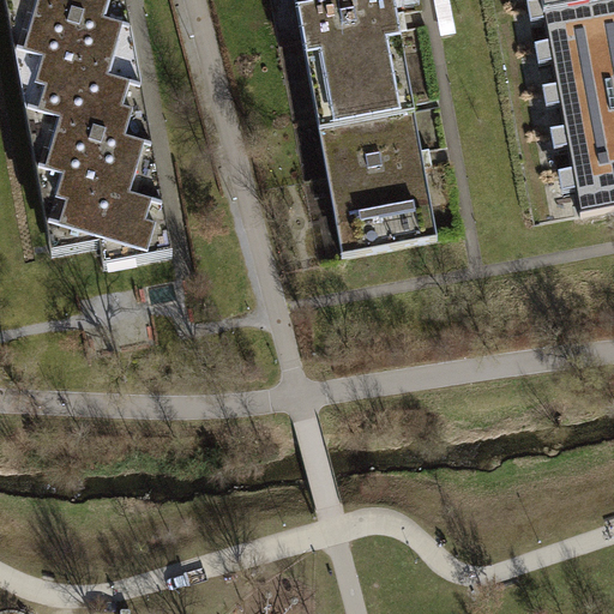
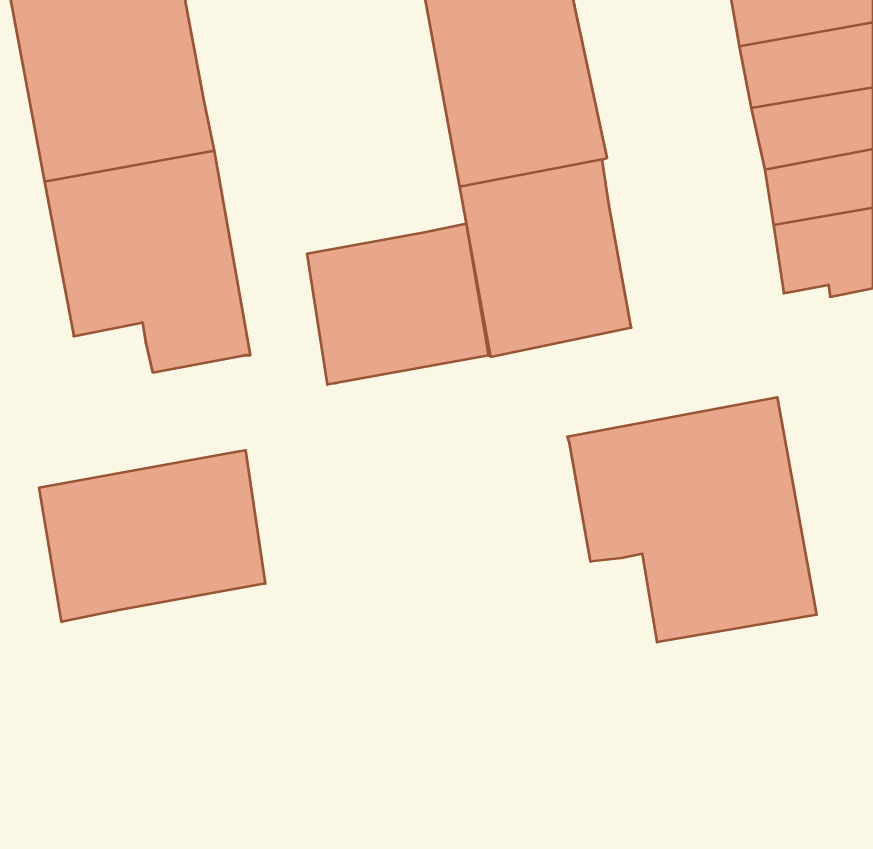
building: none -> [307,224,489,385]
building: none -> [567,397,817,642]
building: none -> [39,450,265,622]

